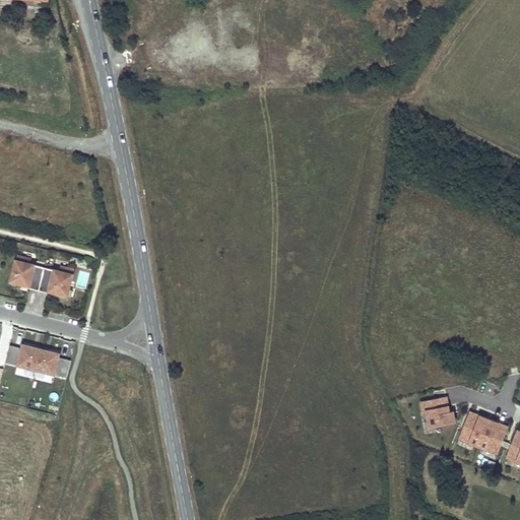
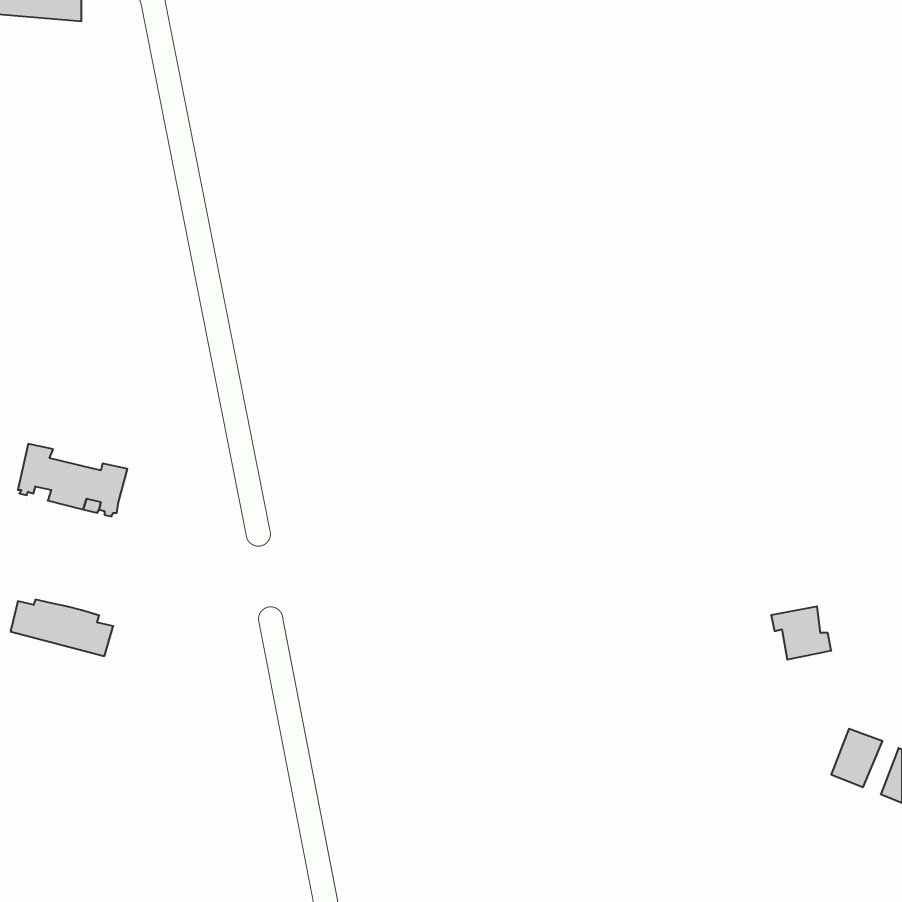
building: [419,396,454,427] -> [771,606,831,659]
building: [459,411,488,445] -> none

